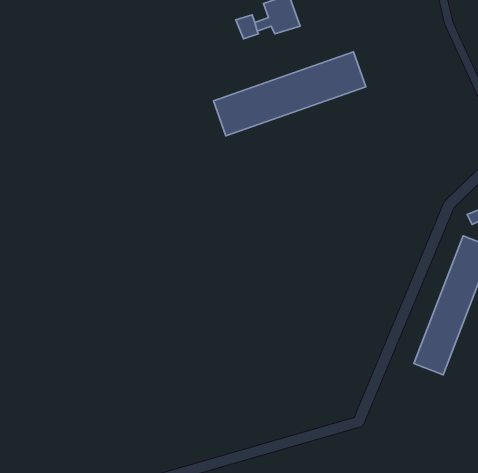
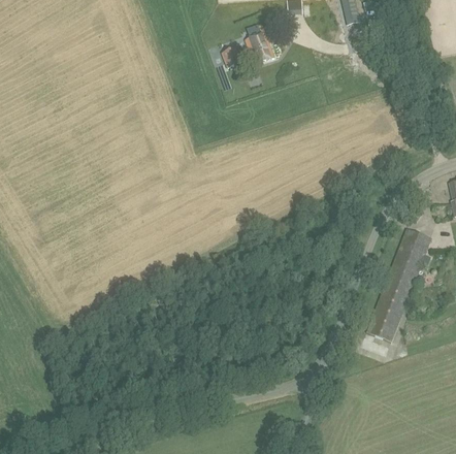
building: [213,52,366,136] -> none

